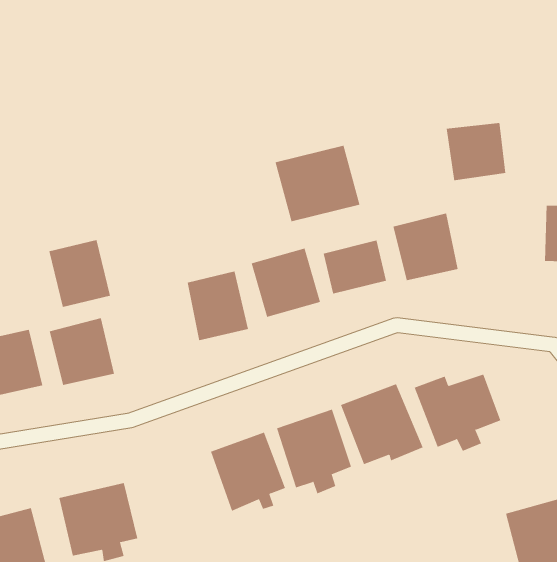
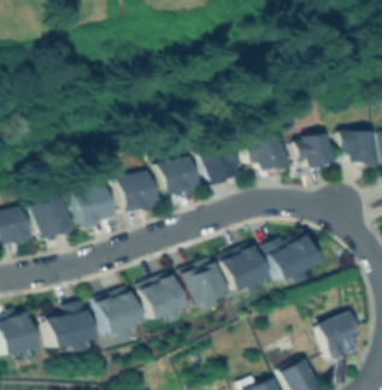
building: [446,123,506,181] -> [294,137,331,173]
building: [275,145,360,222] -> none
building: [49,240,111,307] -> [76,188,114,230]
building: none -> [90,288,136,337]

